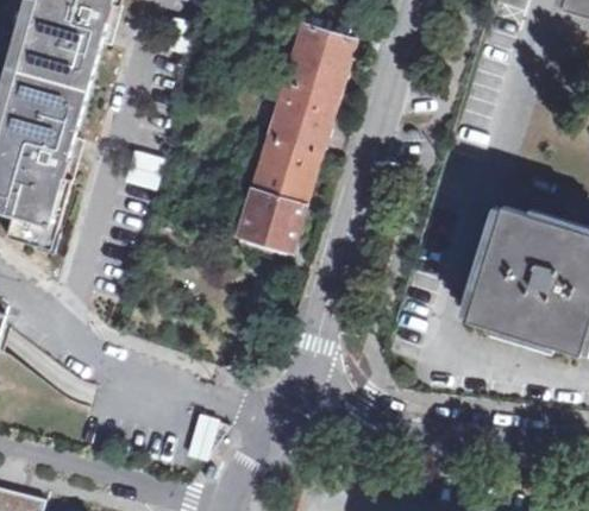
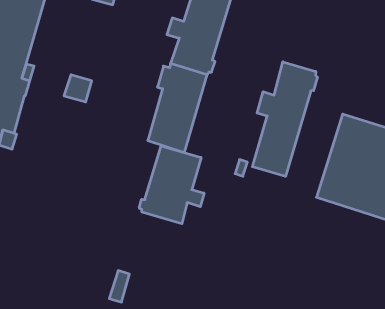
building: none -> [252,62,317,176]
building: none -> [139,146,204,224]

